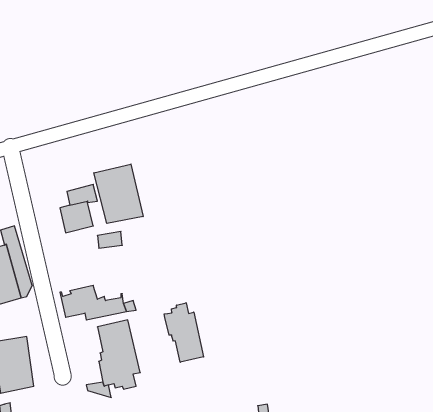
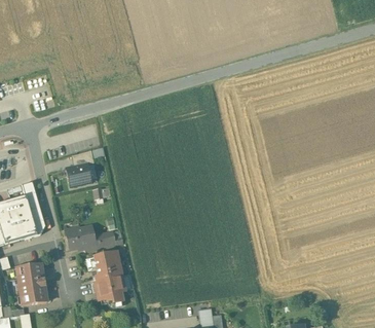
building: [94,164,143,223] -> none
building: [164,303,204,362] -> none

